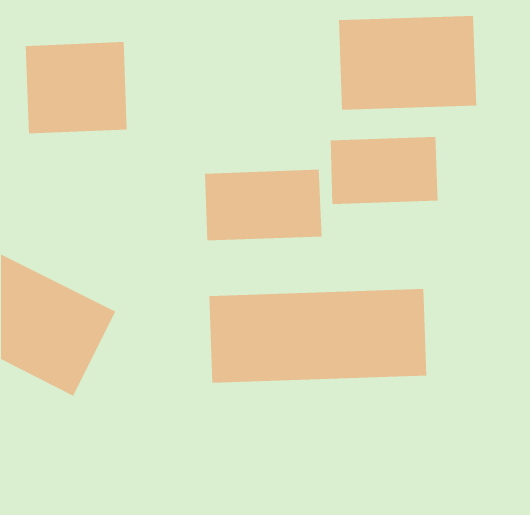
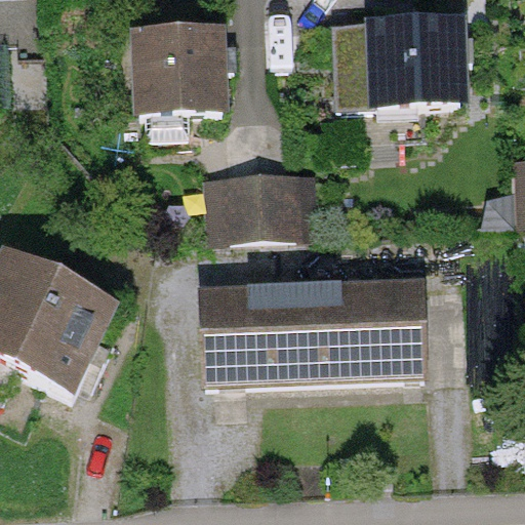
building: [25,42,128,134] -> [129,24,231,115]
building: [330,136,438,205] -> none

